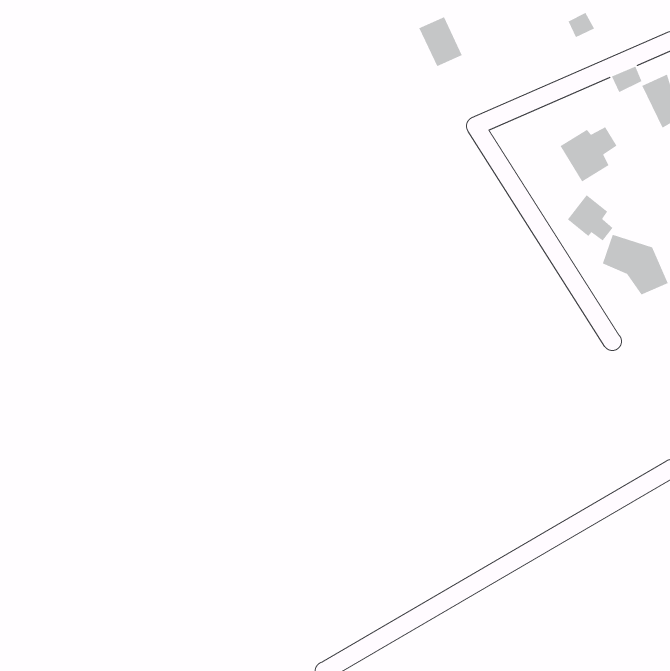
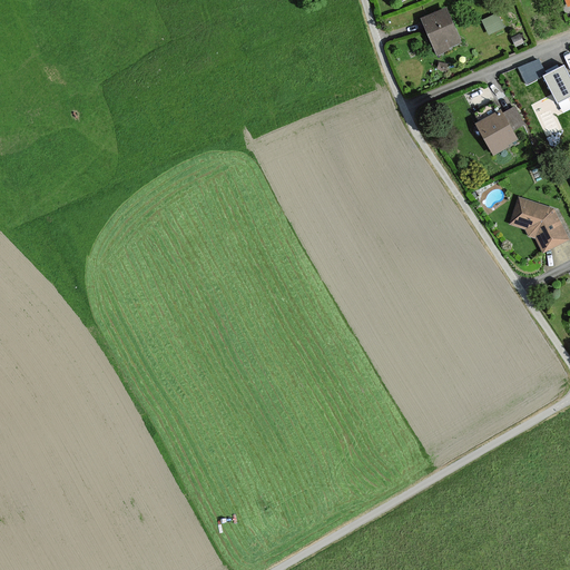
building: [418,16,463,67] -> [422,10,460,53]
building: [567,194,613,241] -> none

